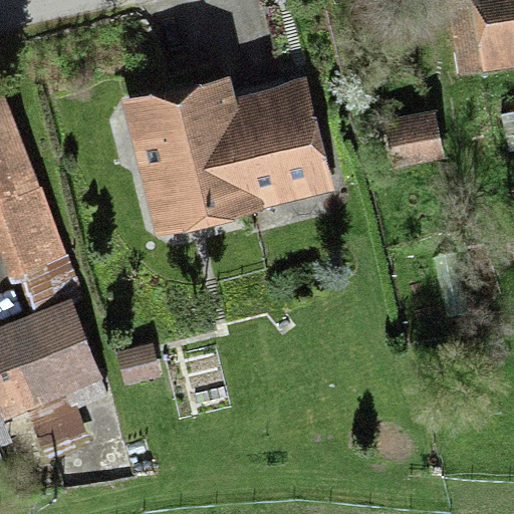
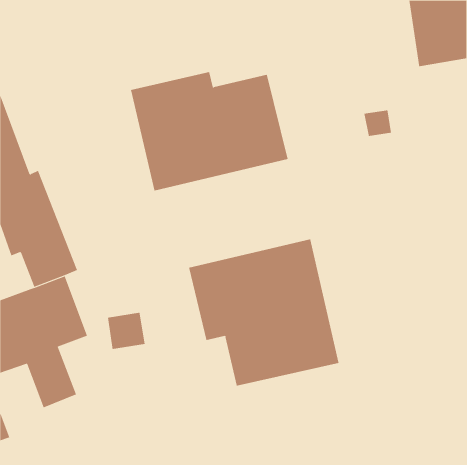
building: none -> [188,239,339,387]

